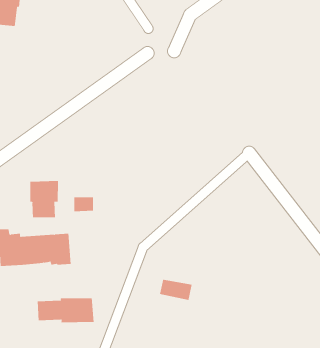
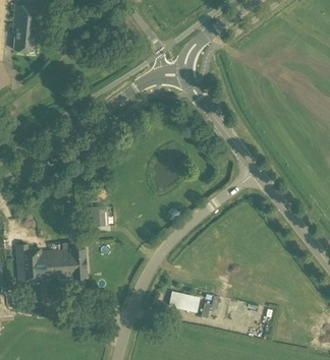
building: [30,180,58,218] -> none
building: [37,297,94,323] -> none

